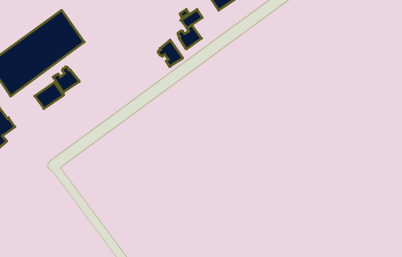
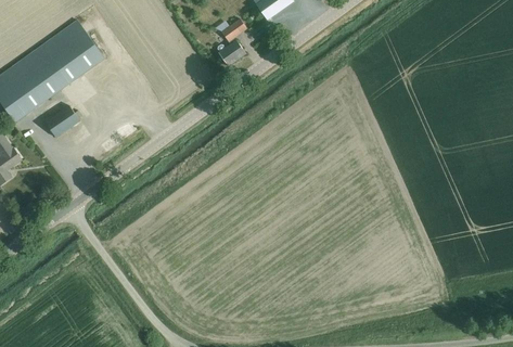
building: [158,40,183,67] -> none
building: [53,67,79,93] -> none

